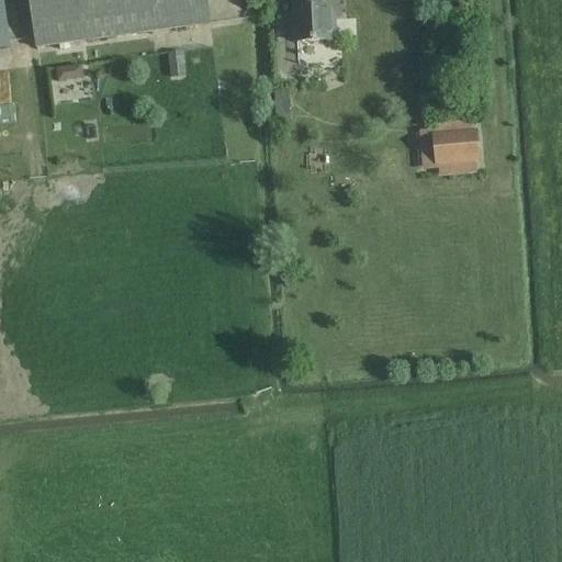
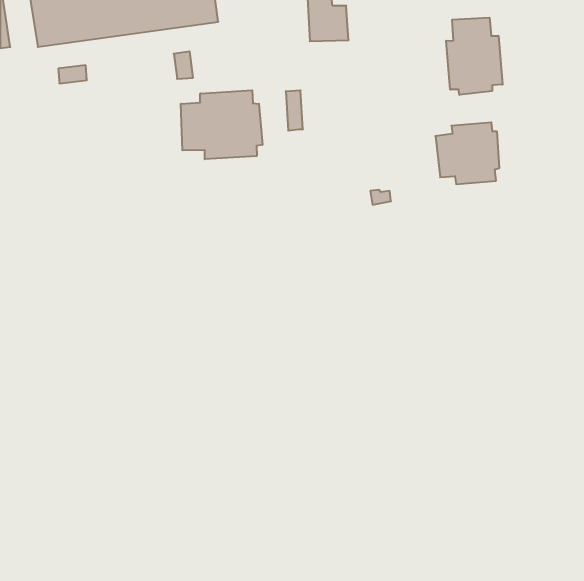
building: none -> [446,18,503,95]
building: none -> [181,90,262,159]

